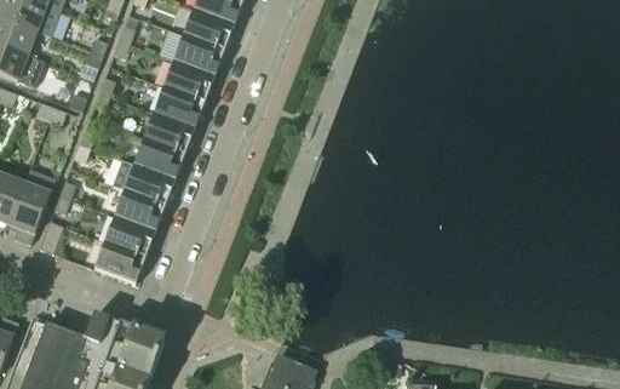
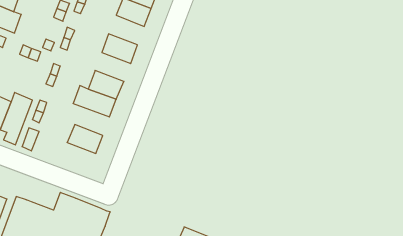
building: [163,58,214,101] -> none
building: [144,111,195,153] -> none
building: [113,184,165,230] -> none
building: [94,240,145,282] -> none

